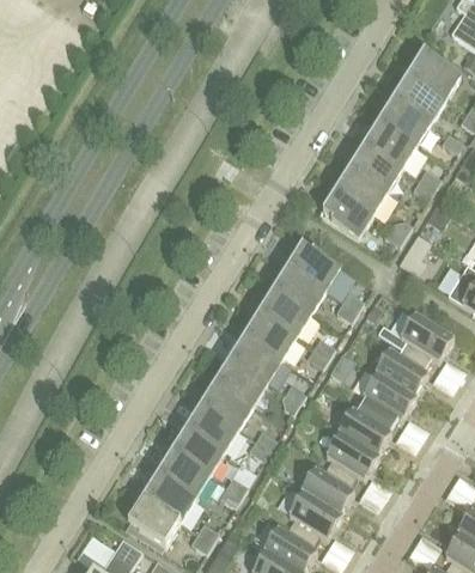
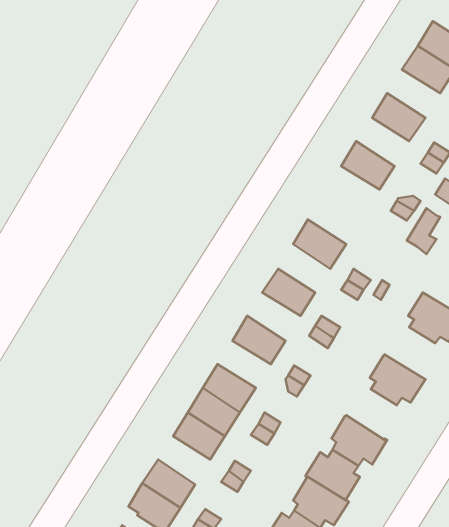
building: [379,97,431,144] -> none
building: [349,144,401,190] -> none
building: [321,190,372,237] -> none
building: [274,266,324,312] -> none
building: [244,312,296,359] -> none
building: [374,346,428,395] -> none
building: [215,359,267,404] -> none
building: [337,406,391,455] -> none
building: [158,451,208,498] -> none

